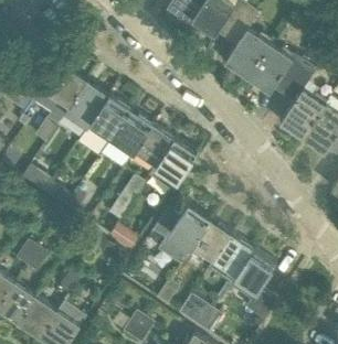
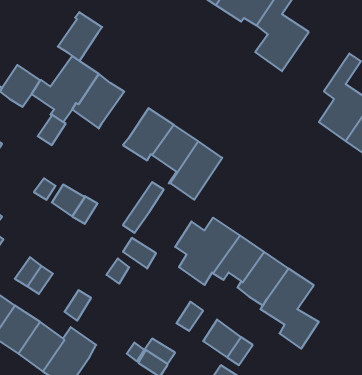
building: none -> [58,12,102,61]
building: [247,44,306,96] -> none
building: [88,96,131,142] -> none

